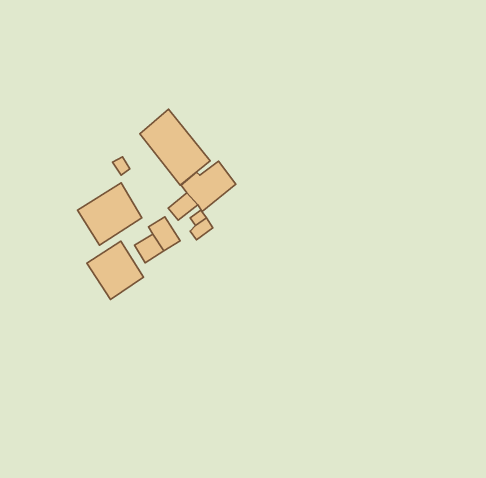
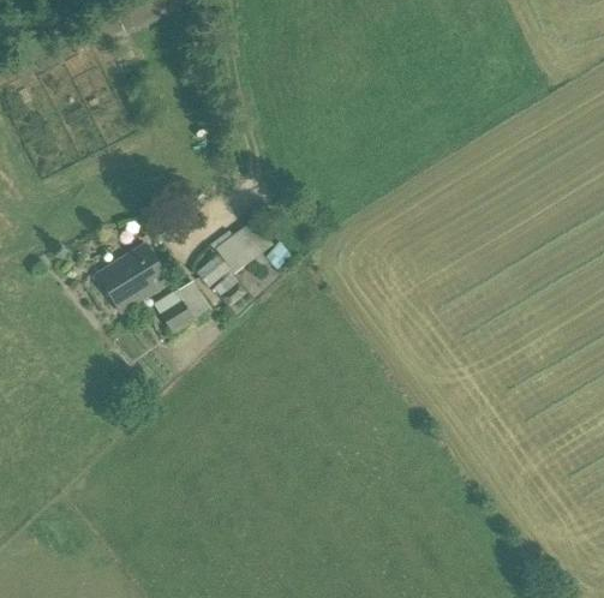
building: [140,109,210,185] -> none
building: [87,241,144,300] -> none

